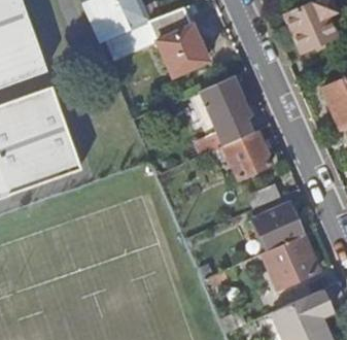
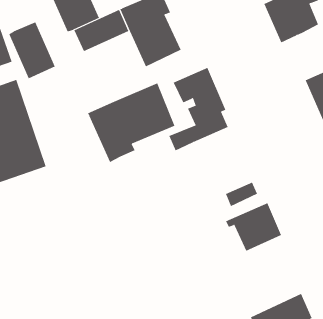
building: none -> [8,21,56,79]
building: none -> [87,82,175,163]
building: [219,131,272,179] -> none
building: [263,235,319,290] -> none

